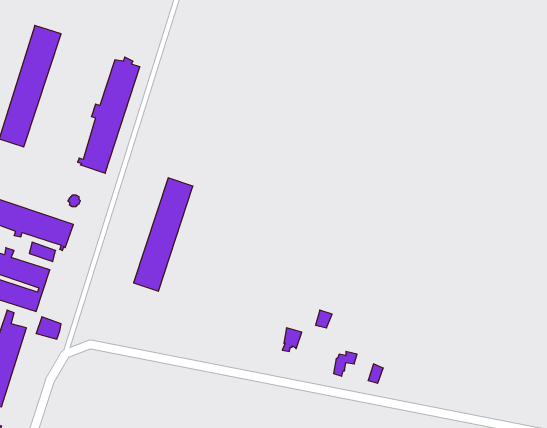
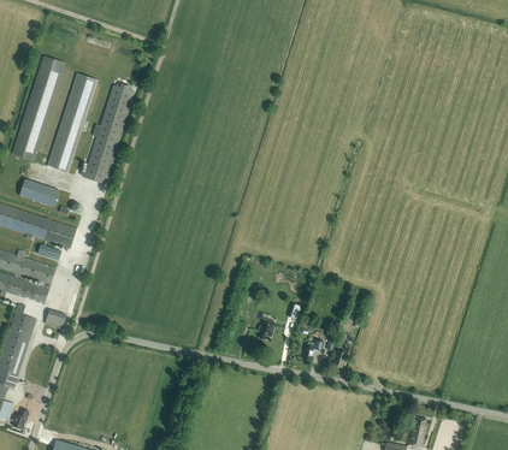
building: none -> [19,179,58,207]
building: [134,178,193,291] -> [46,73,98,172]

